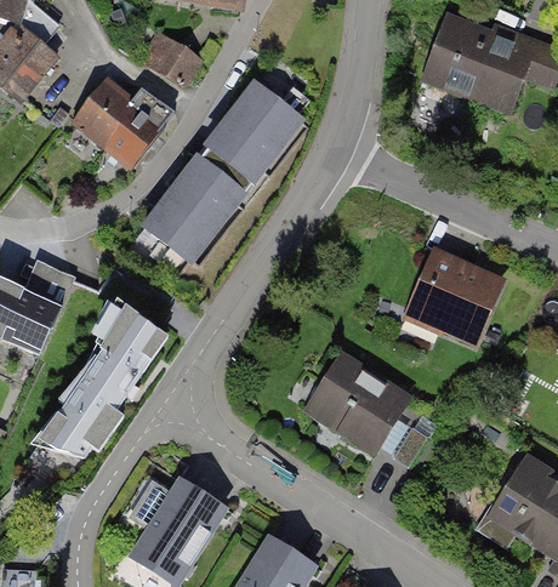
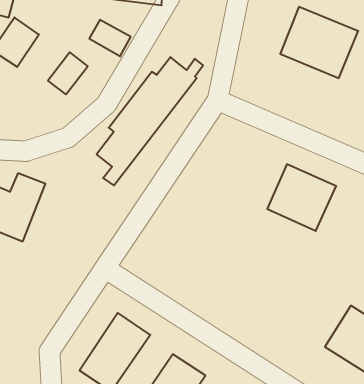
building: [104,101,165,165] -> none
building: [39,310,165,456] -> none
building: [309,352,419,452] -> none

